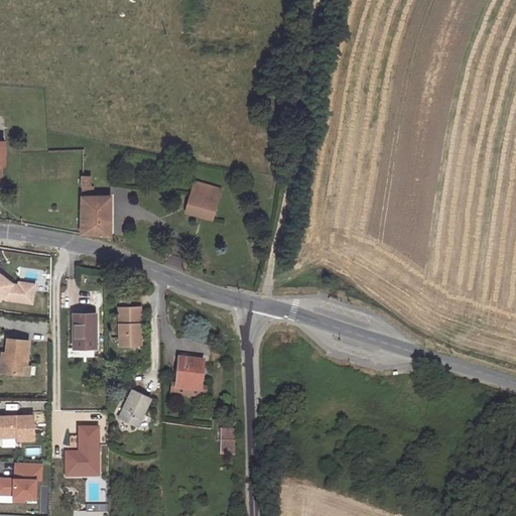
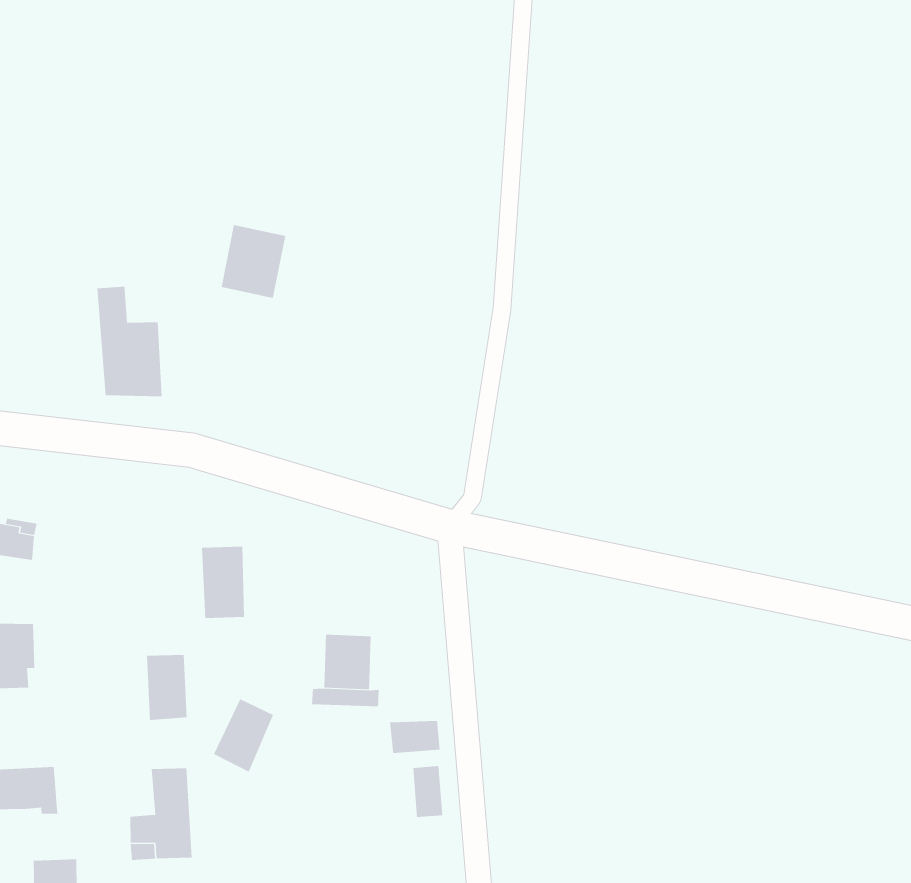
building: [183,182,220,223] -> [221,225,286,298]
building: [74,314,95,349] -> [146,654,187,721]
building: none -> [390,720,440,754]

